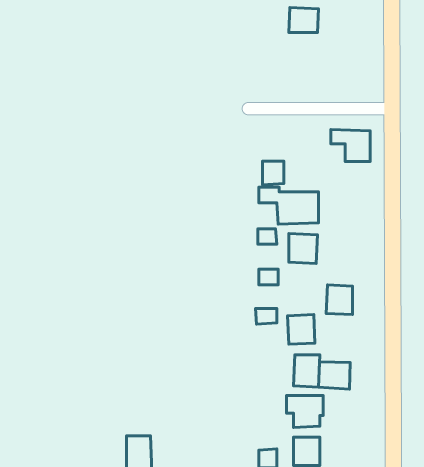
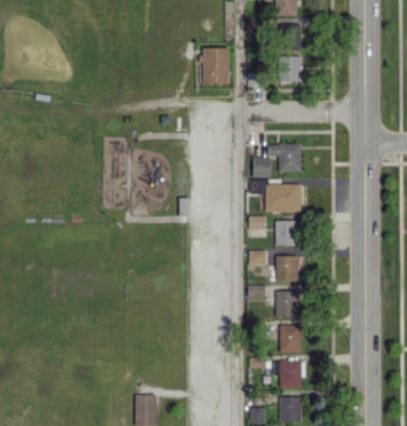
building: none -> [203,48,229,84]
building: none -> [279,57,301,83]
building: [331,130,370,162] -> [267,144,301,172]
building: [326,285,353,315] -> [275,256,298,282]
building: [319,362,350,389] -> none

